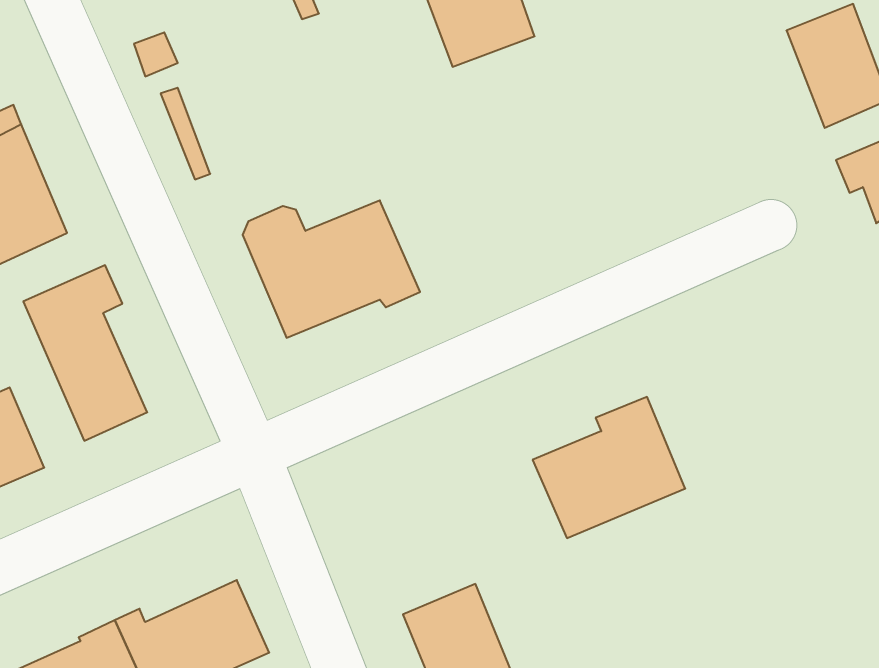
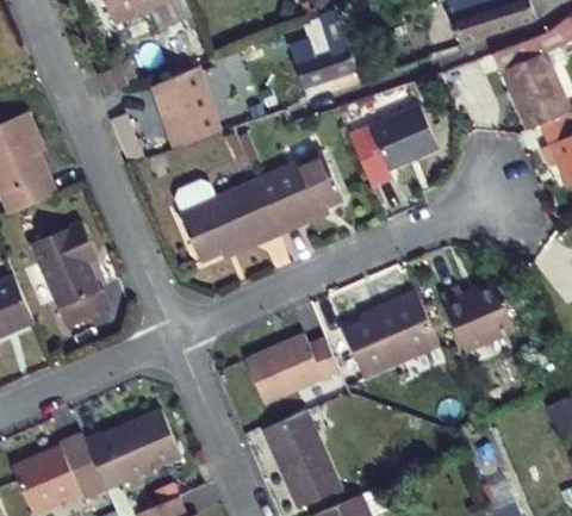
building: none -> [148,63,217,142]
building: none -> [344,102,430,181]
building: none -> [251,147,334,231]
building: none -> [444,288,517,360]
building: none -> [245,337,340,406]

